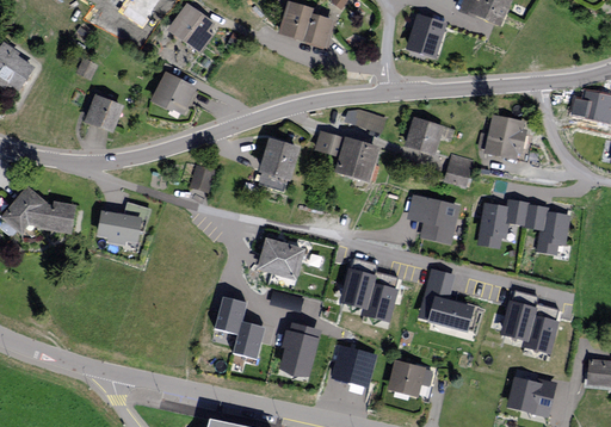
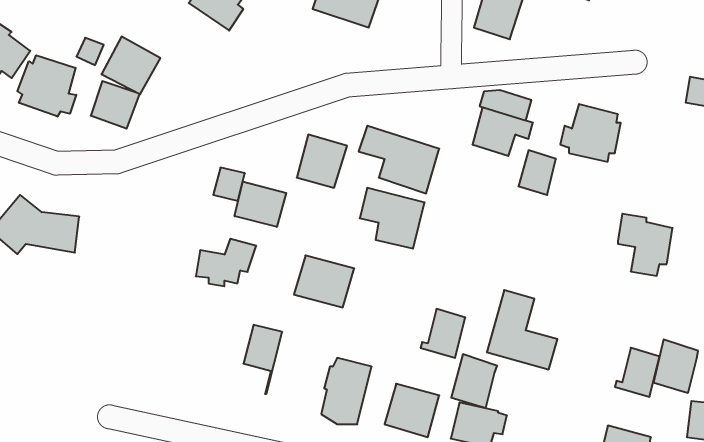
building: [153,69,202,117] -> [101,37,160,94]
building: none -> [17,55,76,117]
building: [344,107,387,132] -> [480,90,531,120]
building: none -> [235,181,286,227]
building: [407,193,461,243] -> [360,188,425,249]
building: [476,198,530,248] -> none
building: [100,202,150,241] -> [196,239,256,286]
building: [339,266,377,310] -> [451,354,497,408]
building: [500,298,537,342] -> [654,339,698,393]
building: [234,301,265,358] -> none

